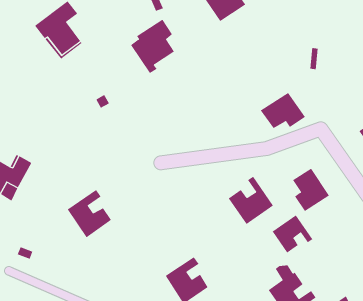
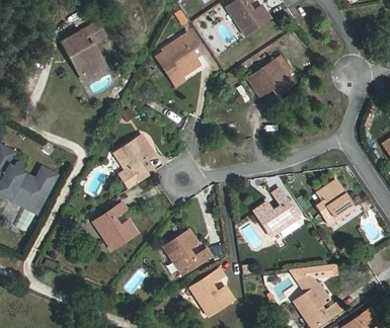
building: [260,92,306,129] -> [247,60,293,96]
building: none -> [113,134,155,188]
building: [272,215,313,253] -> none
building: none -> [163,229,212,274]

